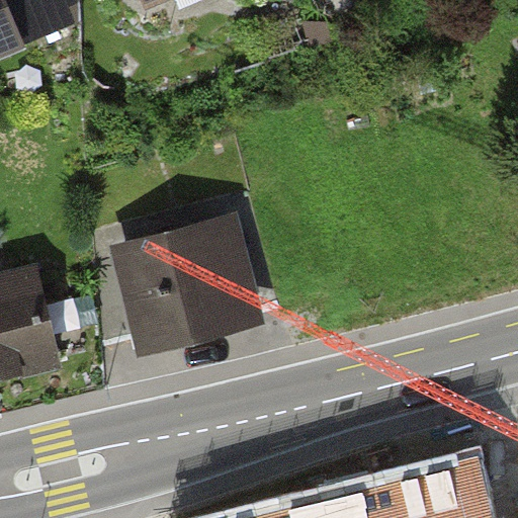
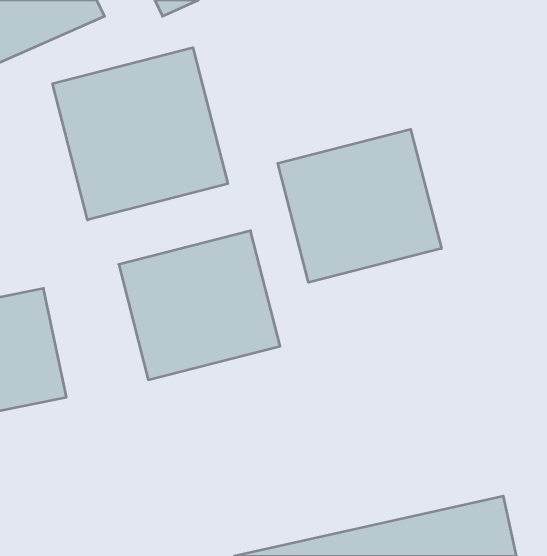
building: none -> [53,48,228,220]
building: none -> [278,129,441,282]

